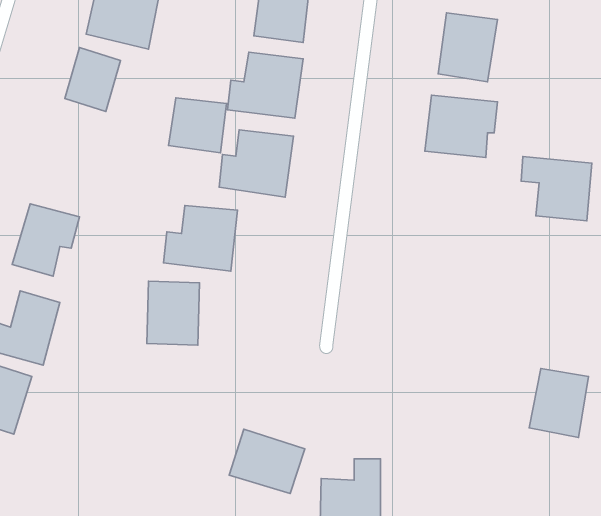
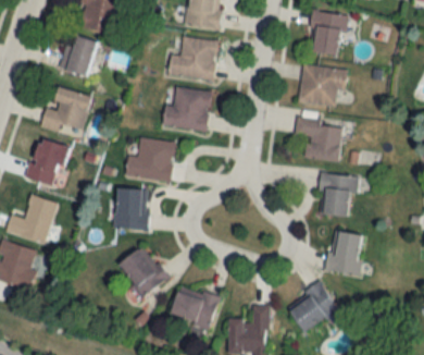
building: [169,98,226,153] -> none
building: none -> [40,86,91,130]
building: [521,157,592,221] -> [295,118,341,160]
building: none -> [317,172,354,216]
building: [529,368,588,438] -> [325,230,364,276]
building: none -> [119,248,170,297]
building: none -> [287,283,338,332]

